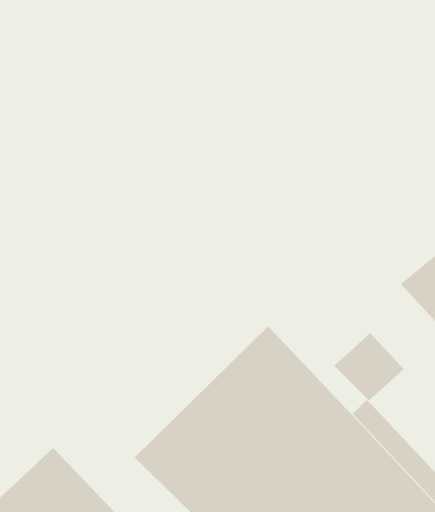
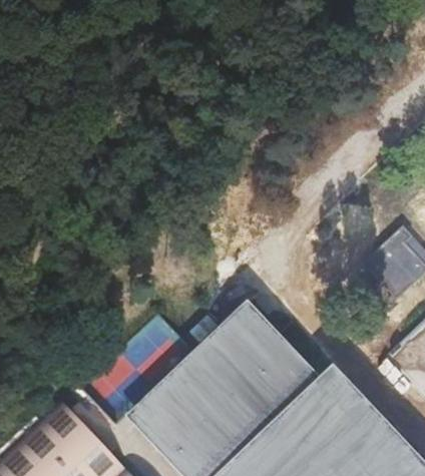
building: [333,332,405,401] -> none

